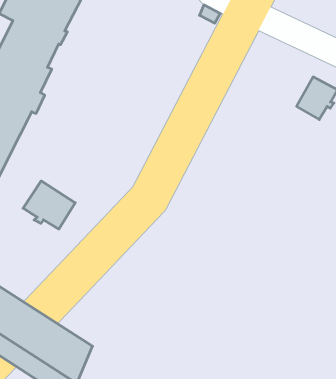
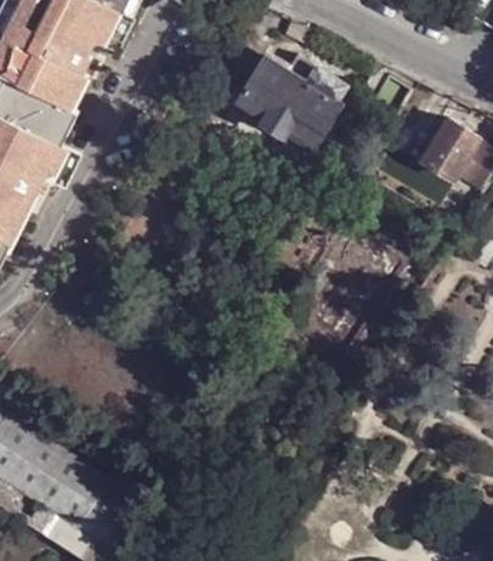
building: none -> [234,56,341,147]
building: [23,181,75,229] -> none

